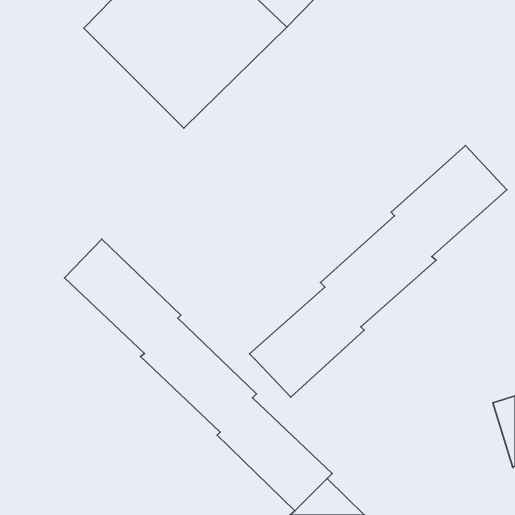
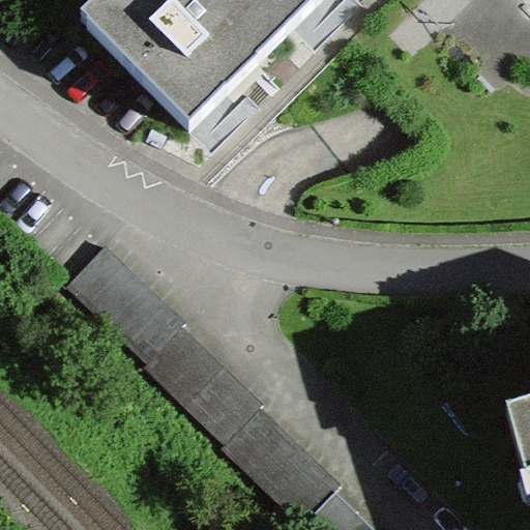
building: [250,145,507,397] -> none

